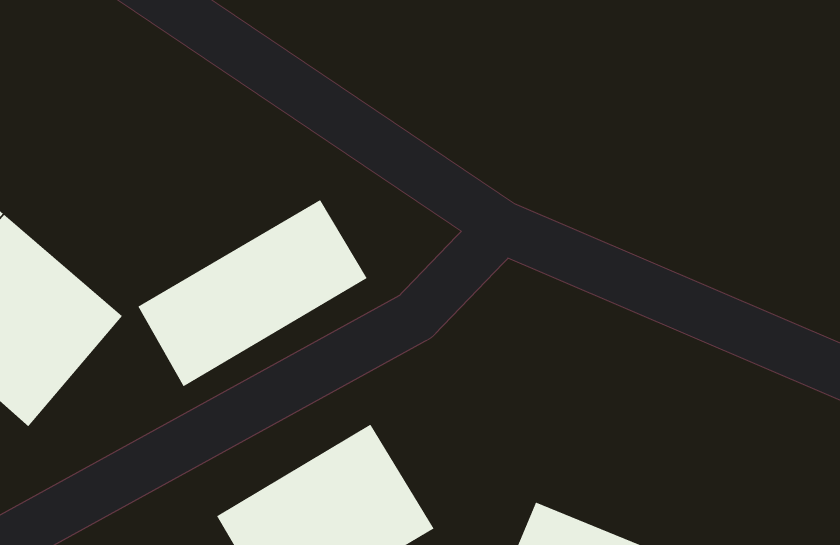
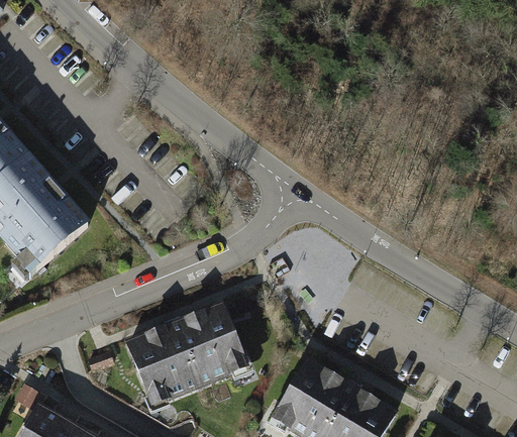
building: [138,199,367,387] -> none

